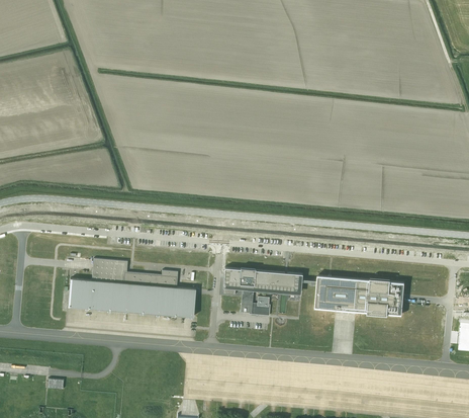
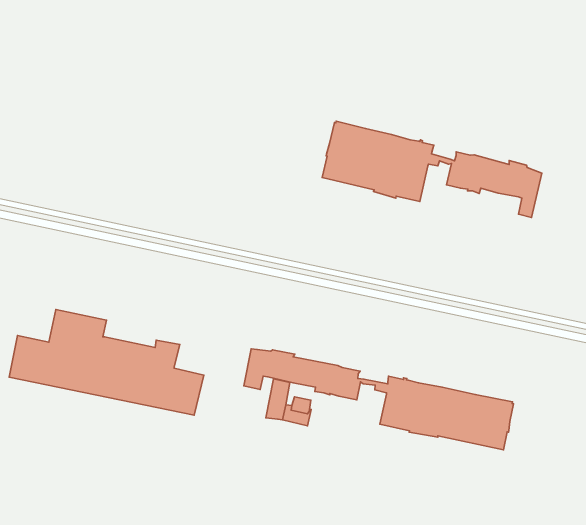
building: none -> [322,121,542,217]

